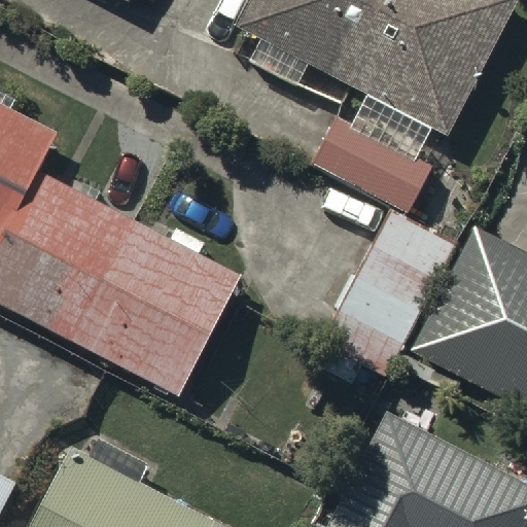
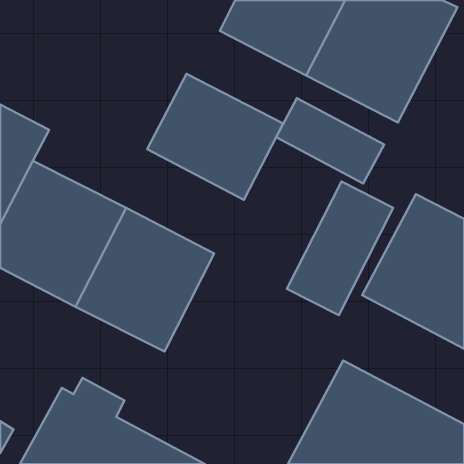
building: none -> [147,74,283,200]

